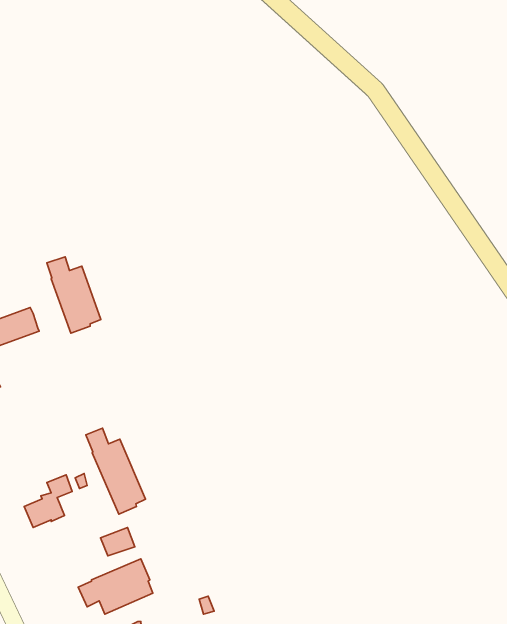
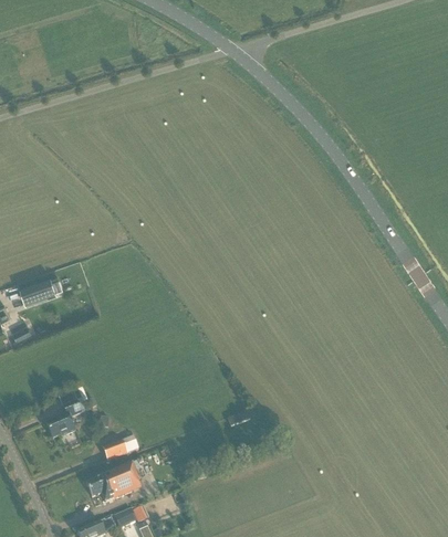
building: [47,257,101,333] -> none
building: [86,428,145,514] -> none

